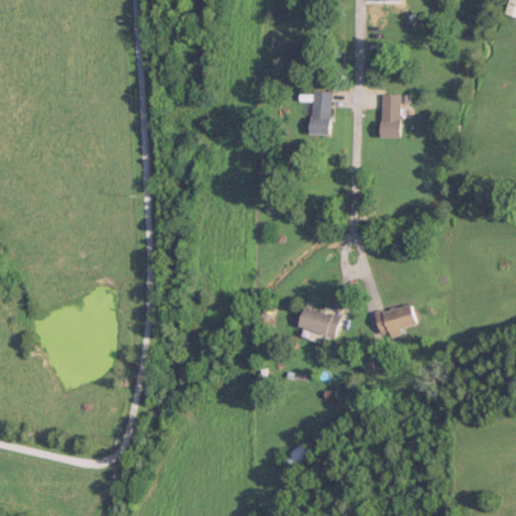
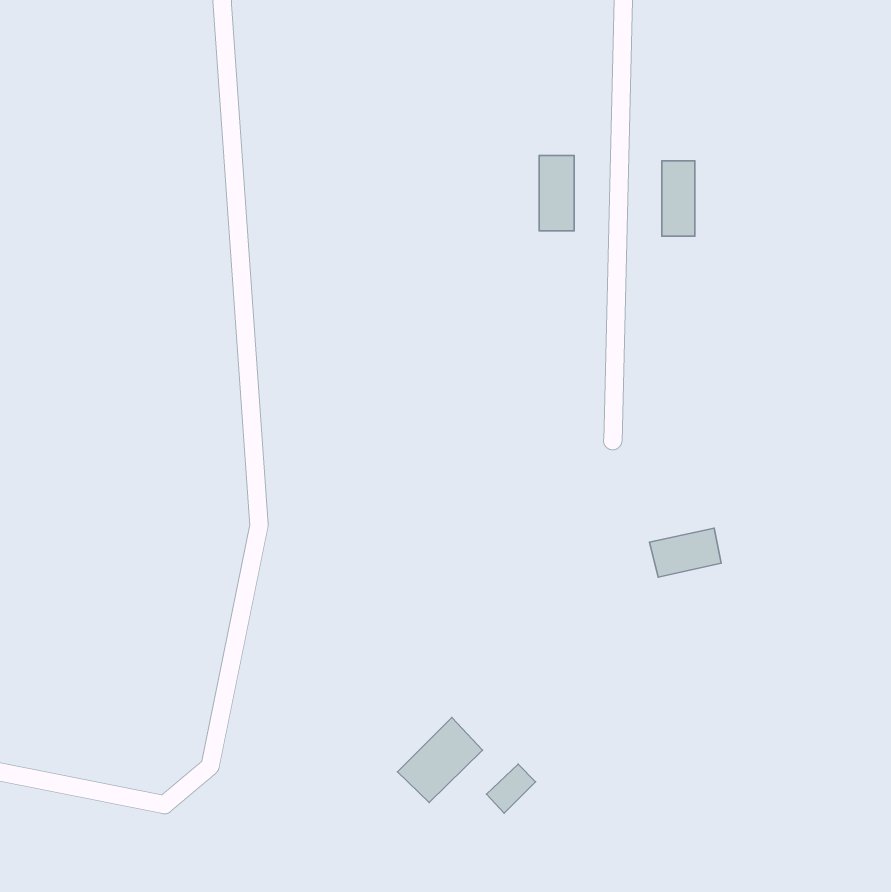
building: [299,307,341,338] -> none
building: none -> [398,718,482,803]

